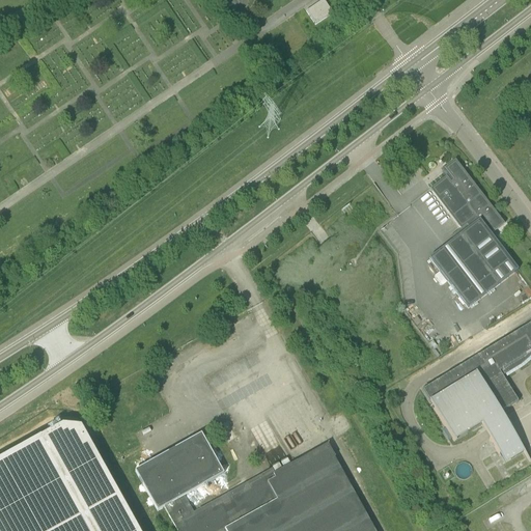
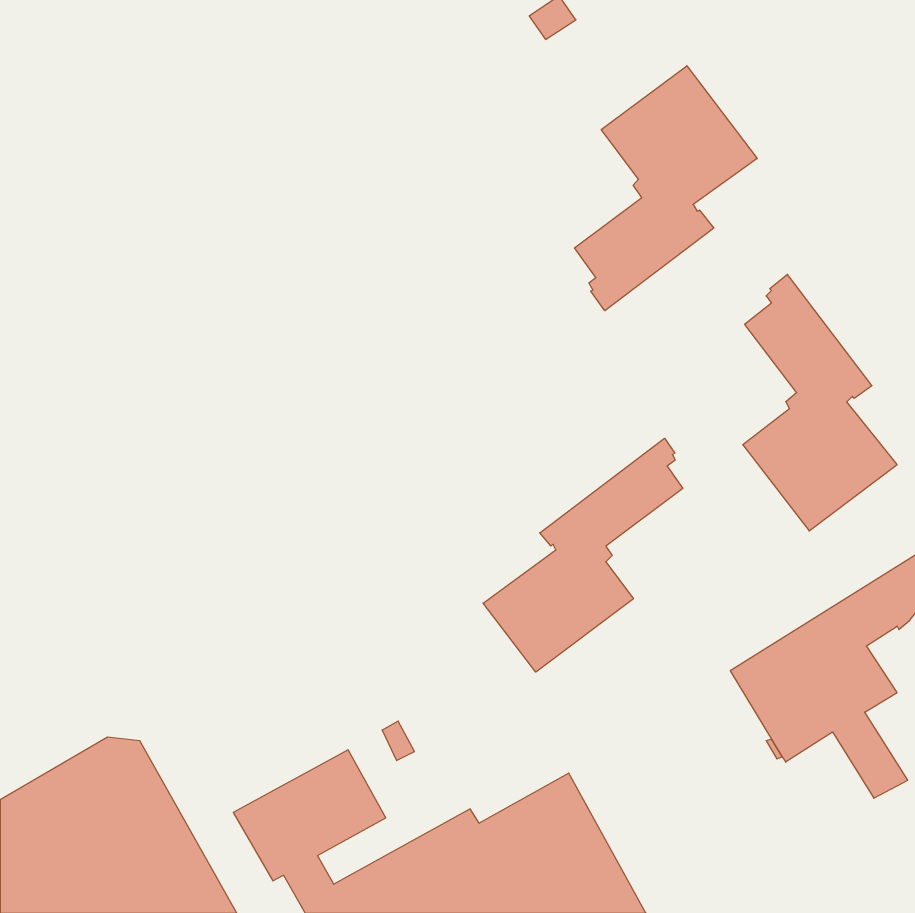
building: none -> [575,66,757,311]
building: none -> [483,438,683,672]

